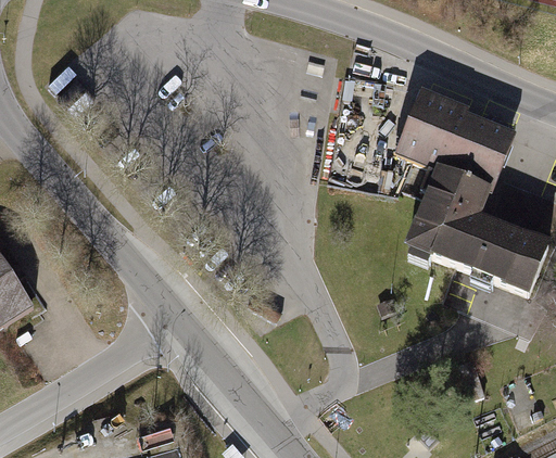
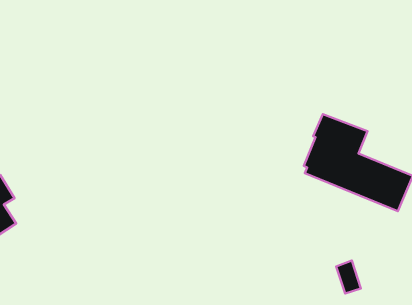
building: [397,89,511,185] -> none

